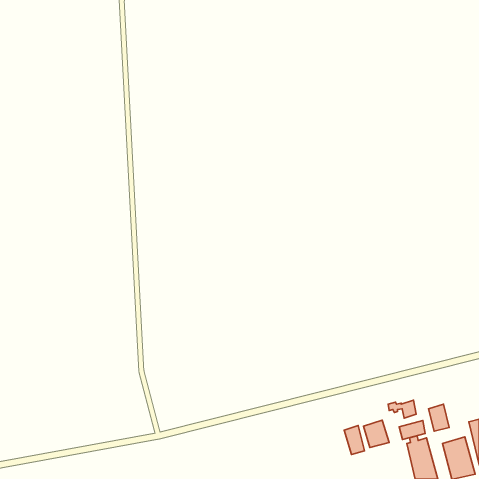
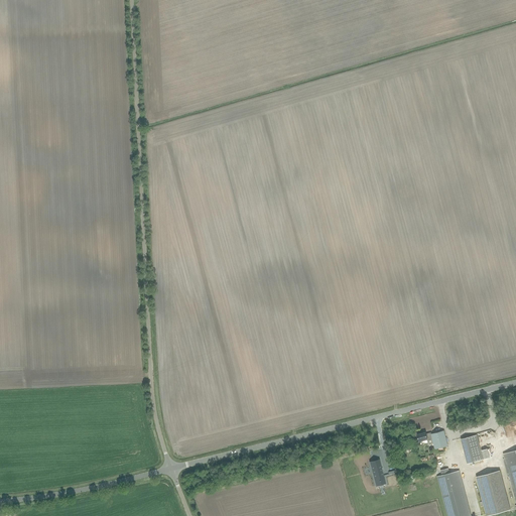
building: [363,420,389,447] -> none
building: [399,421,425,439] -> none

